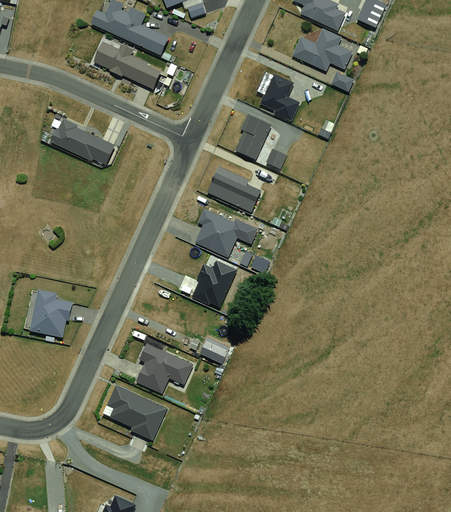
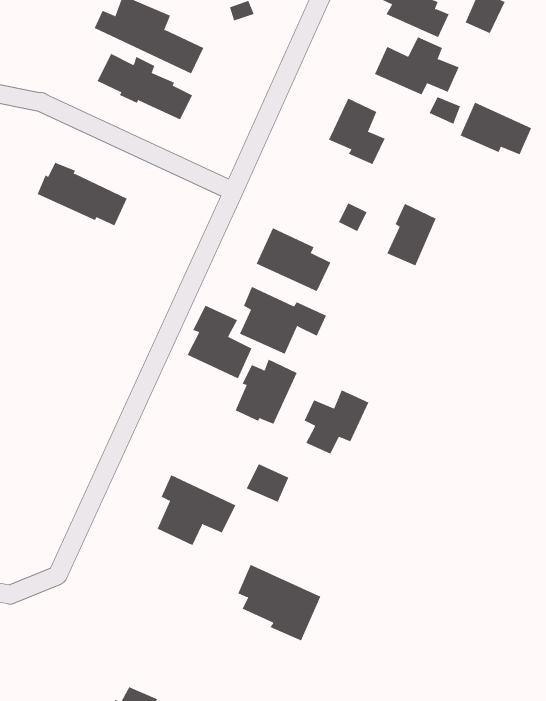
building: none -> [460,102,532,155]
building: [235,114,271,159] -> [386,203,437,266]
building: none -> [187,305,252,379]
building: none -> [304,390,369,455]
building: [28,289,72,338] -> none
building: [107,385,167,440] -> [237,564,321,641]

